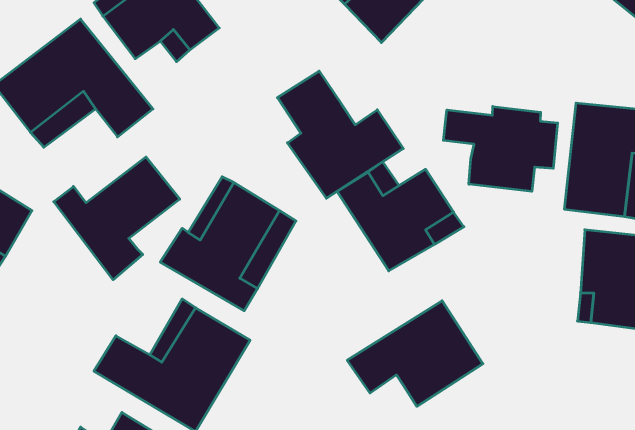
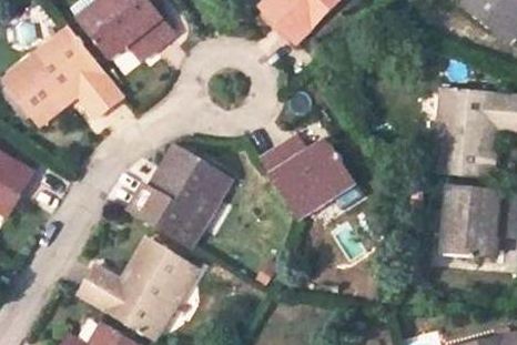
building: [277,71,403,198] -> none
building: [443,106,558,191] -> none
building: [54,157,180,280] -> none
building: [347,301,483,406] -> none

